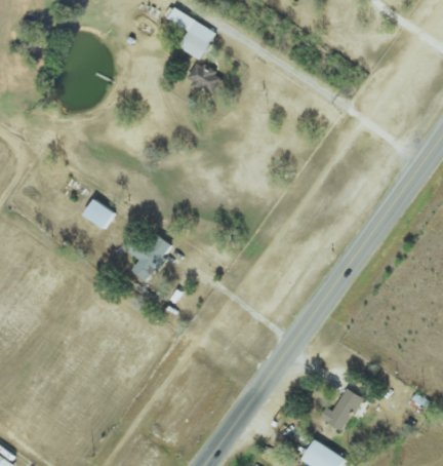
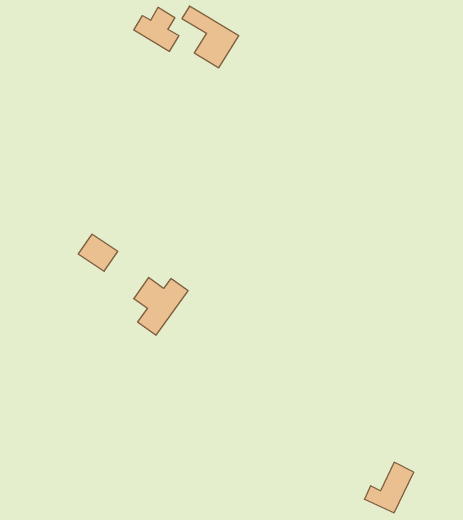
building: none -> [134,7,179,51]
building: [186,65,223,99] -> none

